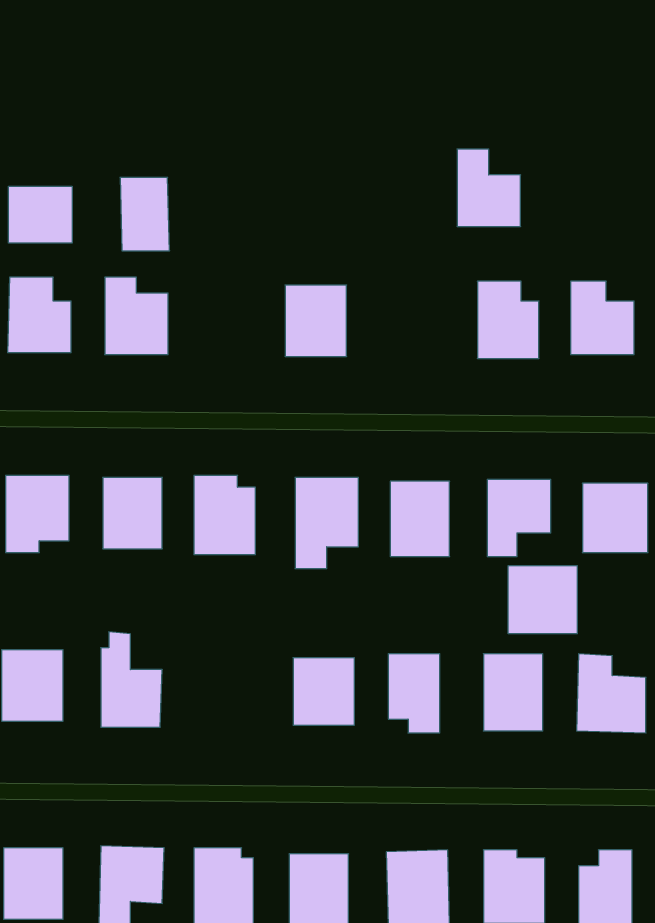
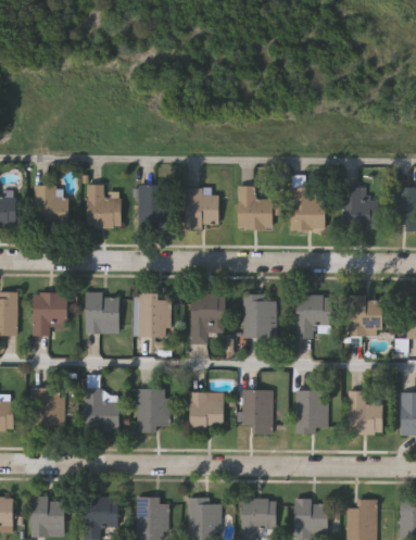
building: [457,149,521,226] -> [238,186,273,228]
building: [120,177,170,251] -> [139,185,166,225]
building: [9,186,72,243] -> none
building: [508,566,577,634] -> none
building: none -> [137,389,168,431]

